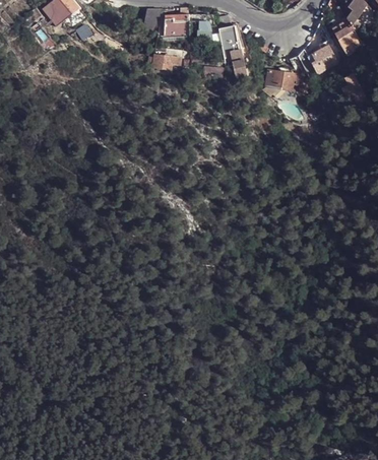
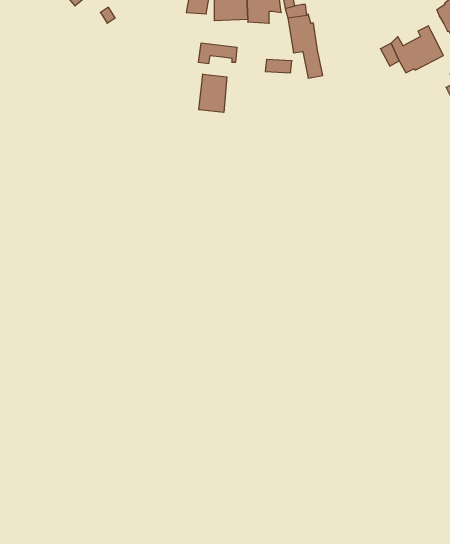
building: [266,69,299,95] -> none
building: none -> [199,74,227,112]

